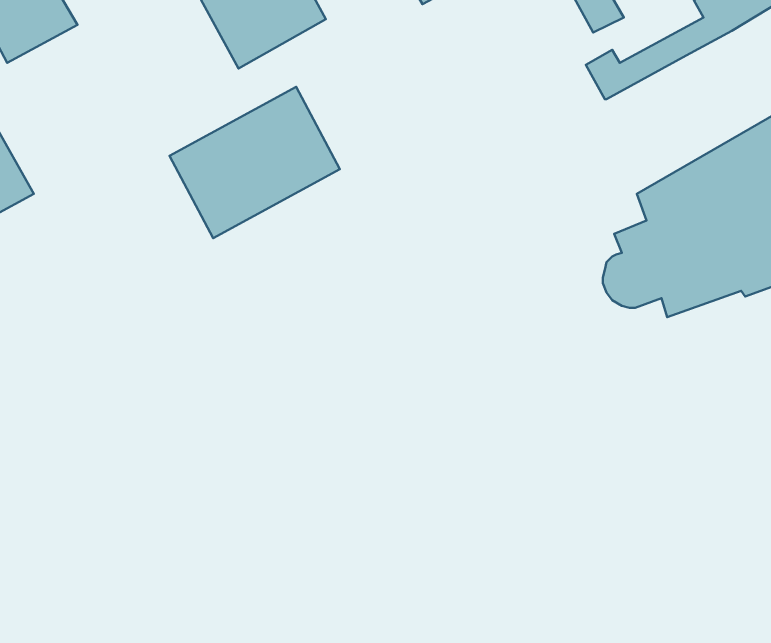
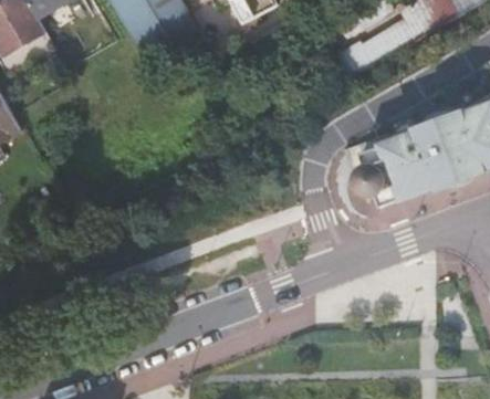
building: [169,87,340,238] -> none

